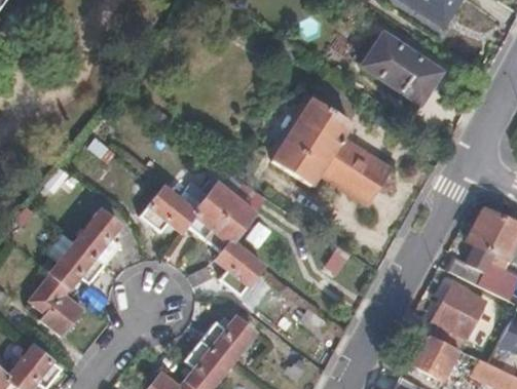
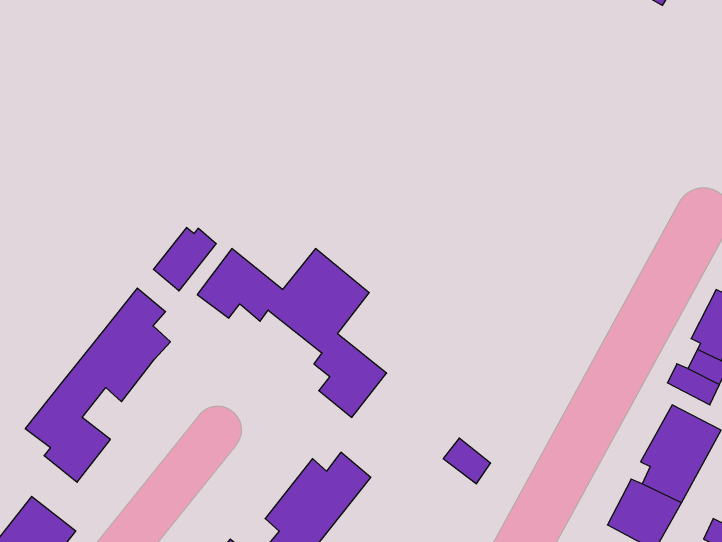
building: [362,36,441,106] -> none
building: [276,91,390,203] -> none
building: none -> [153,227,216,291]

